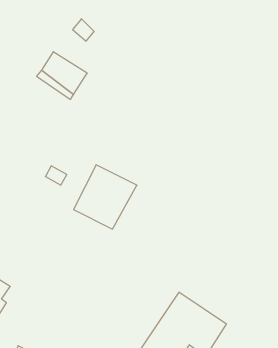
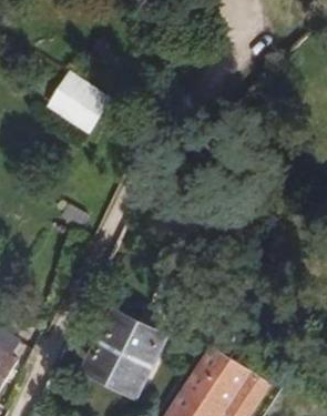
building: [74,165,137,229] -> [89,314,161,387]

